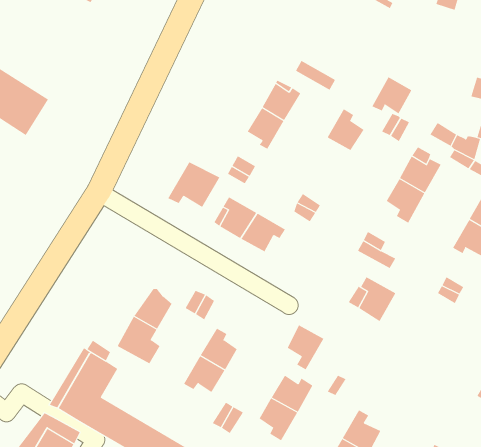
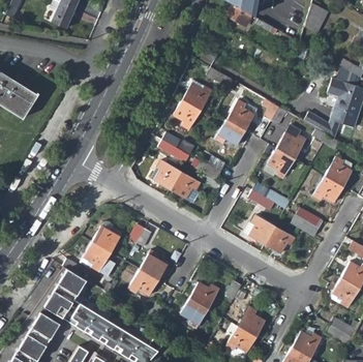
building: [372,76,412,114] -> [216,120,244,146]
building: [168,161,220,208] -> none
building: none -> [264,227,295,254]
building: [287,324,324,370] -> none

